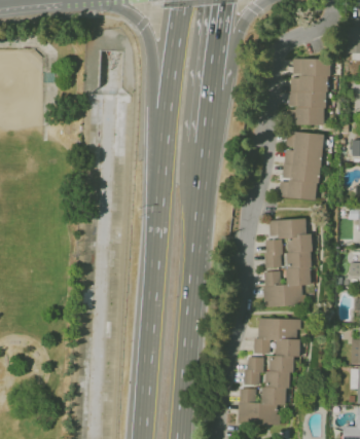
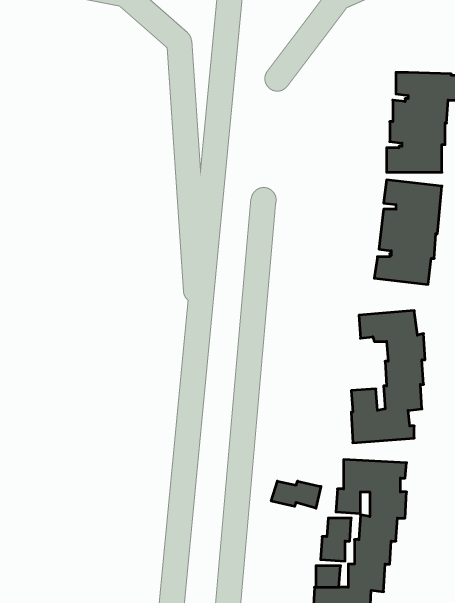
building: [264,239,283,268] -> none
building: none -> [271,481,321,508]

